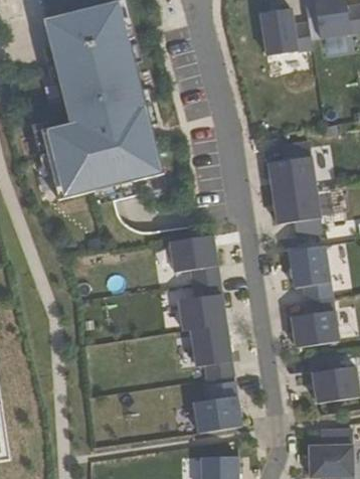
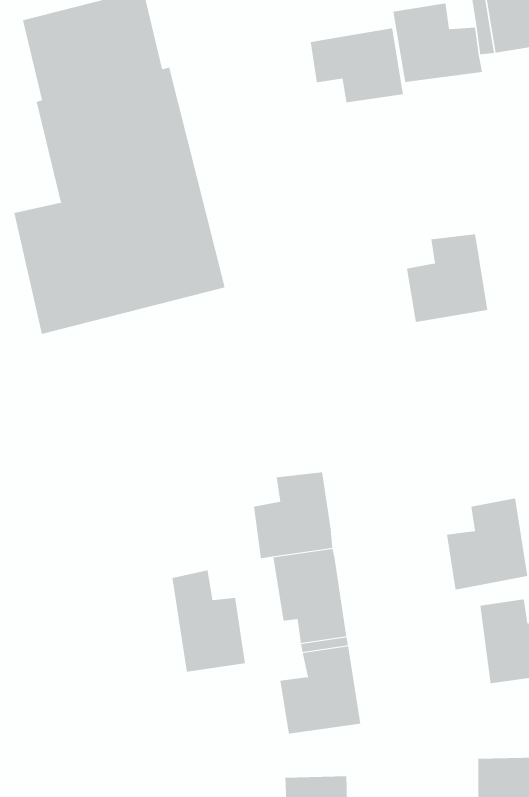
building: none -> [310,27,404,103]
building: [273,186,322,236] -> none
building: [170,234,219,283] -> none
building: [289,245,331,300] -> none
building: none -> [172,570,246,672]

